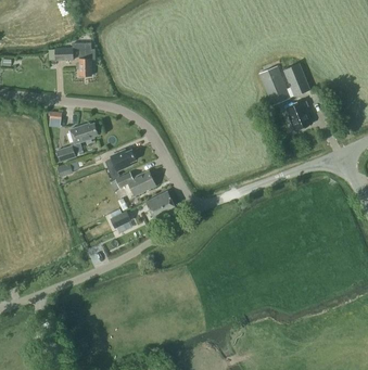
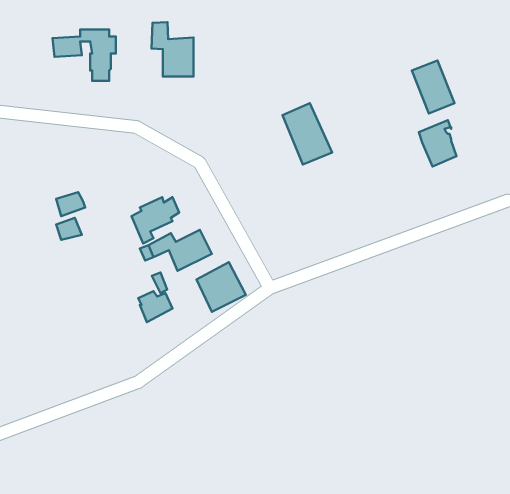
building: none -> [152,22,194,77]
building: [258,66,290,105] -> [282,103,332,165]
building: [69,124,97,151] -> none

